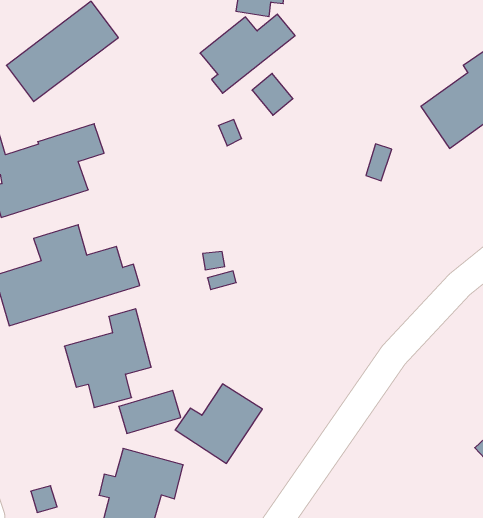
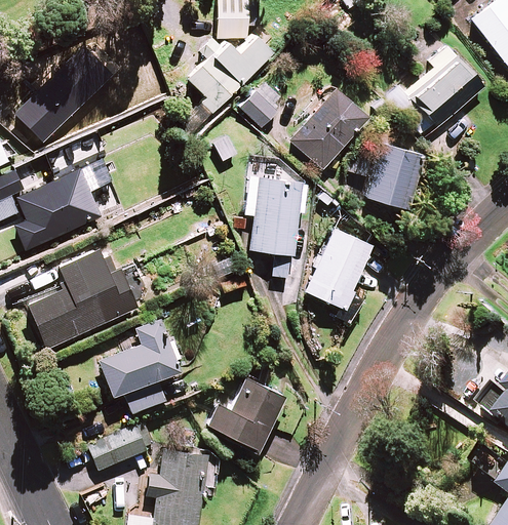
building: none -> [290,89,367,169]
building: none -> [366,145,423,209]
building: none -> [245,178,306,277]
building: none -> [307,229,370,308]
building: [119,390,181,433] -> [89,426,147,470]

